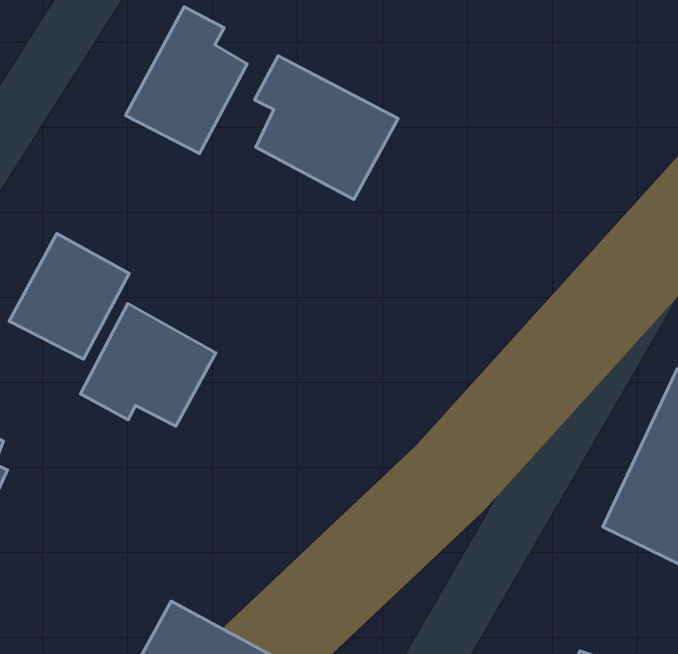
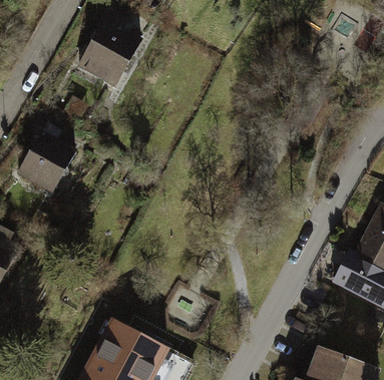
building: [255,56,398,199] -> none
building: [80,304,216,426] -> none

